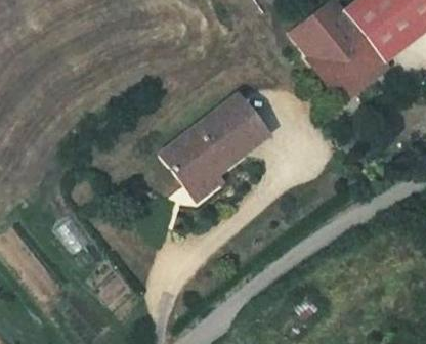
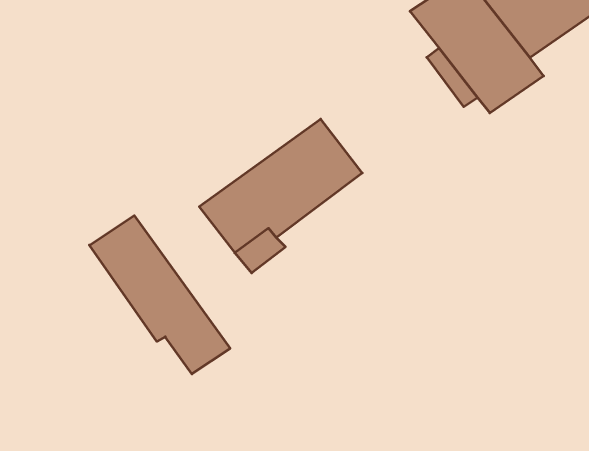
building: none -> [89,216,230,374]

